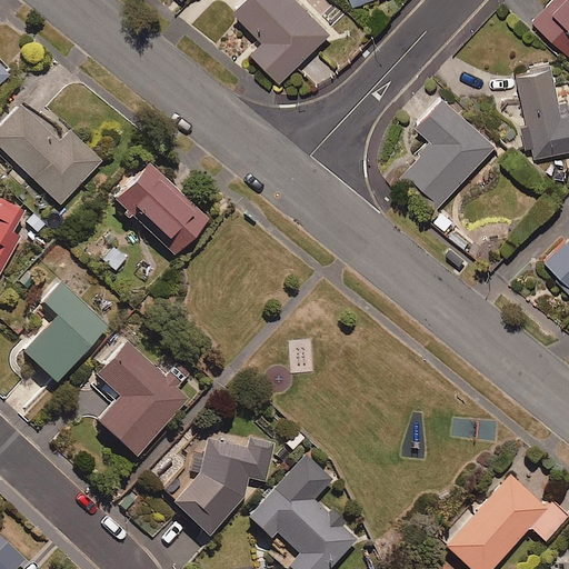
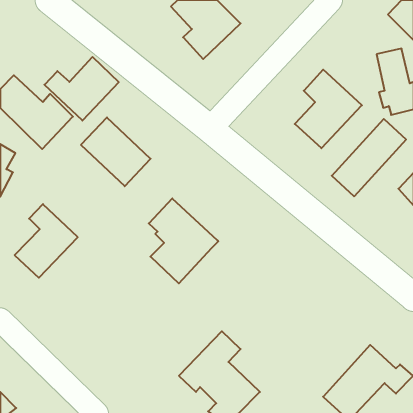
building: none -> [44,57,119,121]
building: none -> [332,119,406,196]
building: [93,340,189,457] -> [149,198,218,283]
building: [171,437,274,537] -> none

